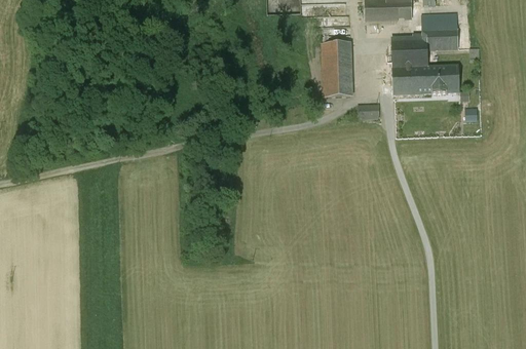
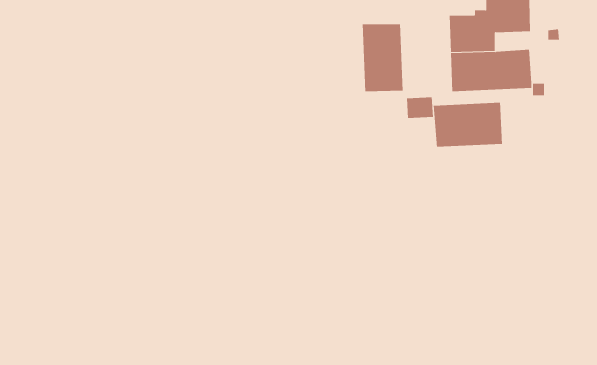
building: none -> [433,102,503,148]

